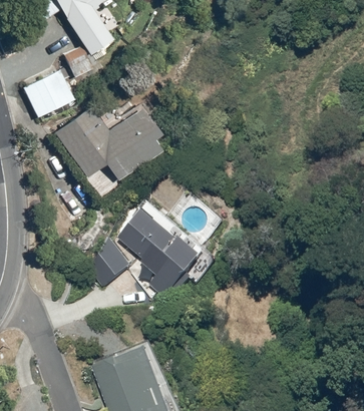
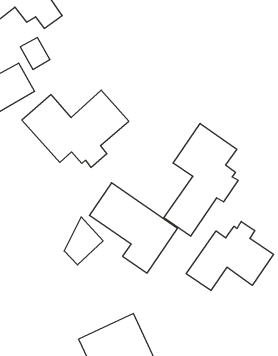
building: none -> [164,123,238,236]
building: none -> [186,221,274,290]

